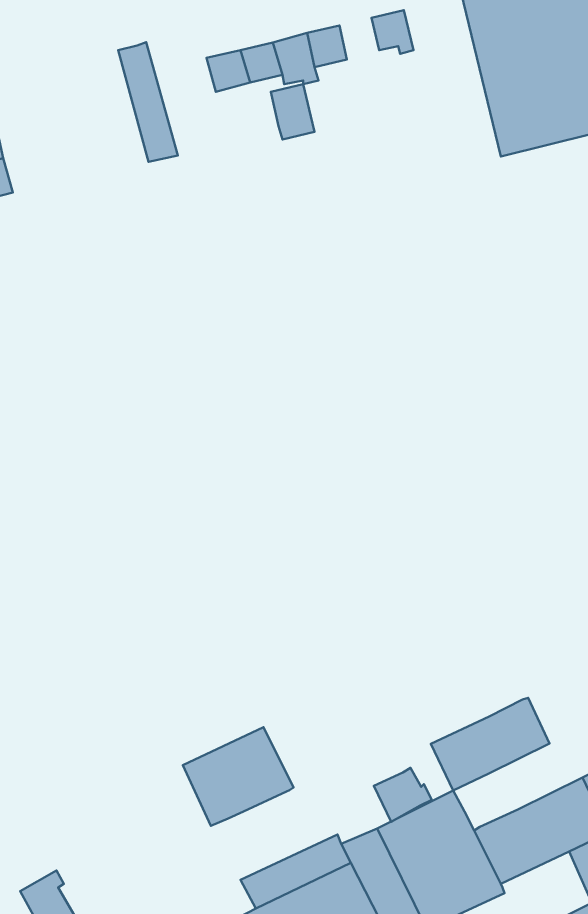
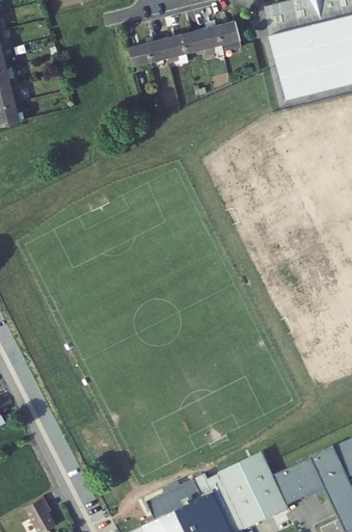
building: [118,42,178,162] -> none
building: [271,84,315,139] -> [198,29,222,59]
building: [431,698,549,791] -> none
building: [183,727,293,826] -> none
building: [374,768,432,822] -> none

